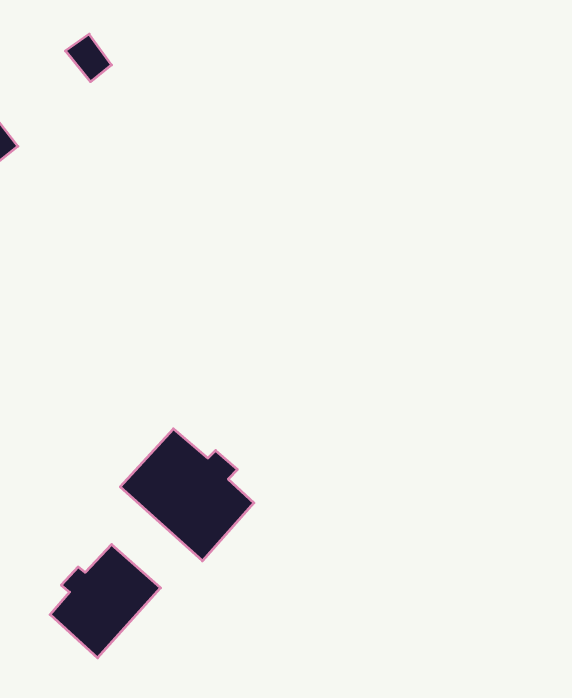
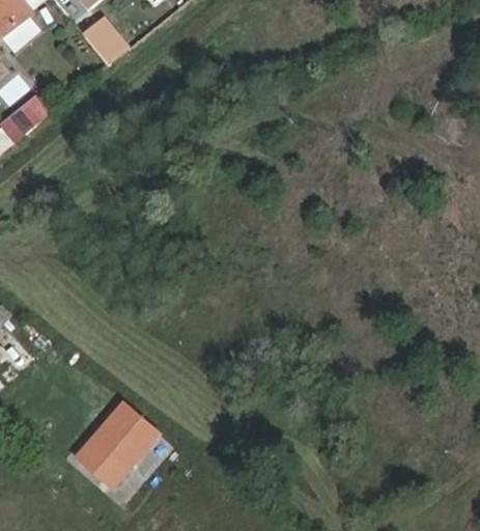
building: [120,429,254,561] -> none

